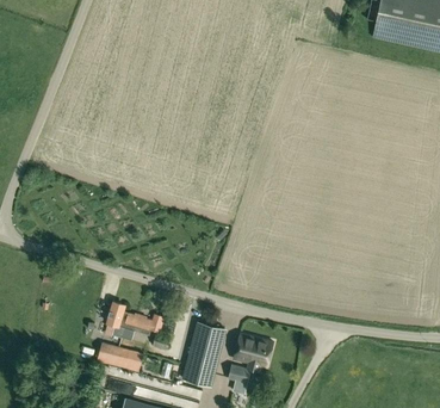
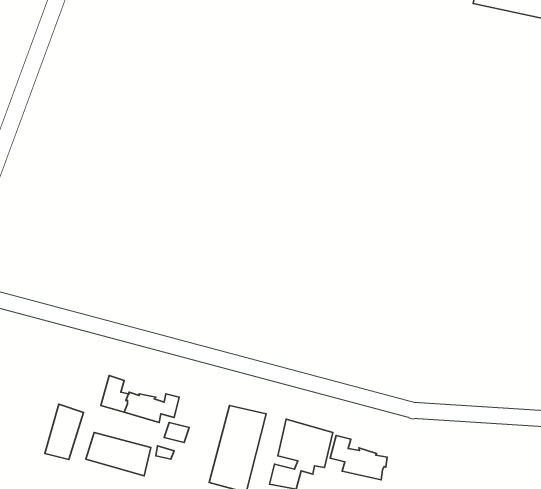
building: none -> [45,404,83,460]
building: none -> [330,435,387,480]

